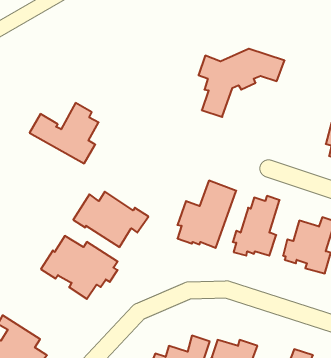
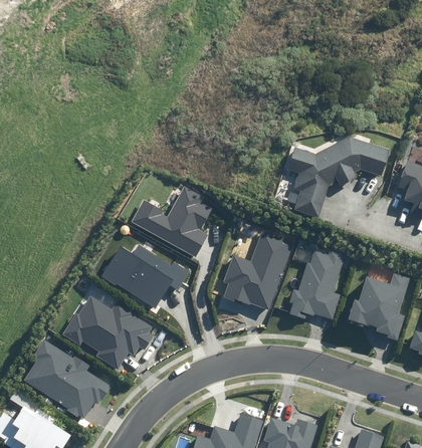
building: [198,49,285,117] -> [288,139,390,219]
building: [30,103,99,163] -> [131,186,212,257]
building: none -> [24,339,112,418]

